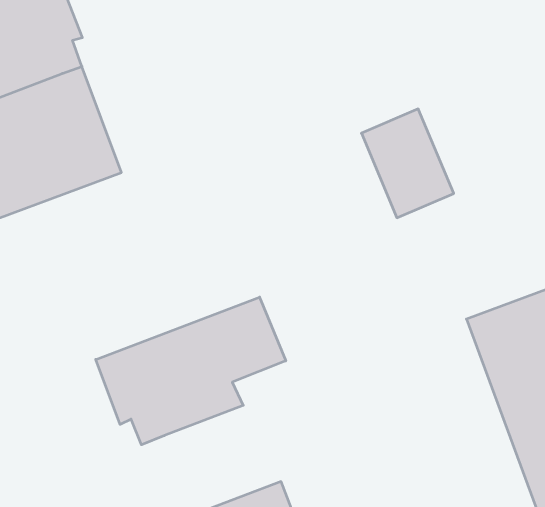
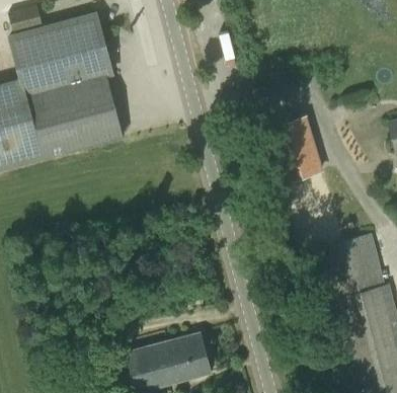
building: [96,297,286,445] -> none

